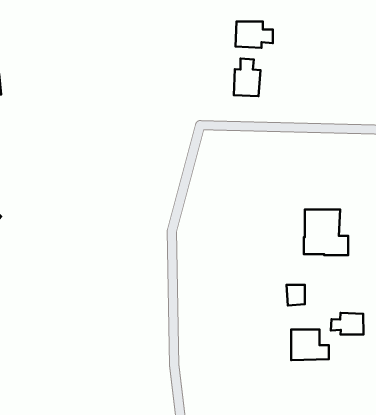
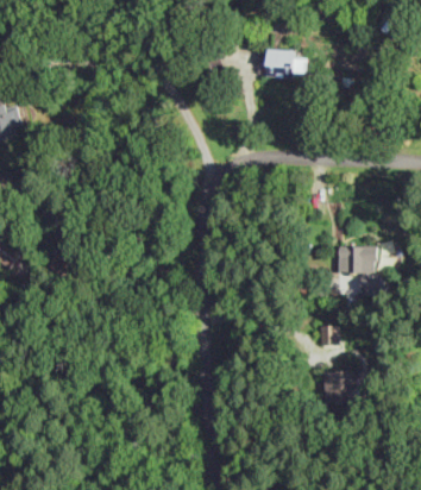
building: [234,58,261,96] -> none
building: [331,313,363,335] -> none

